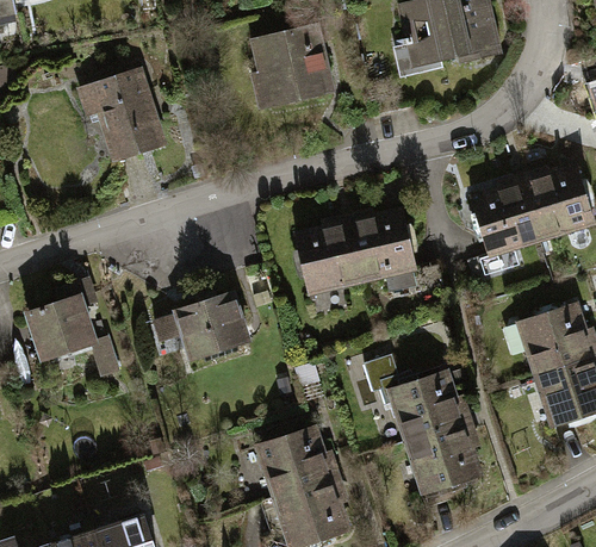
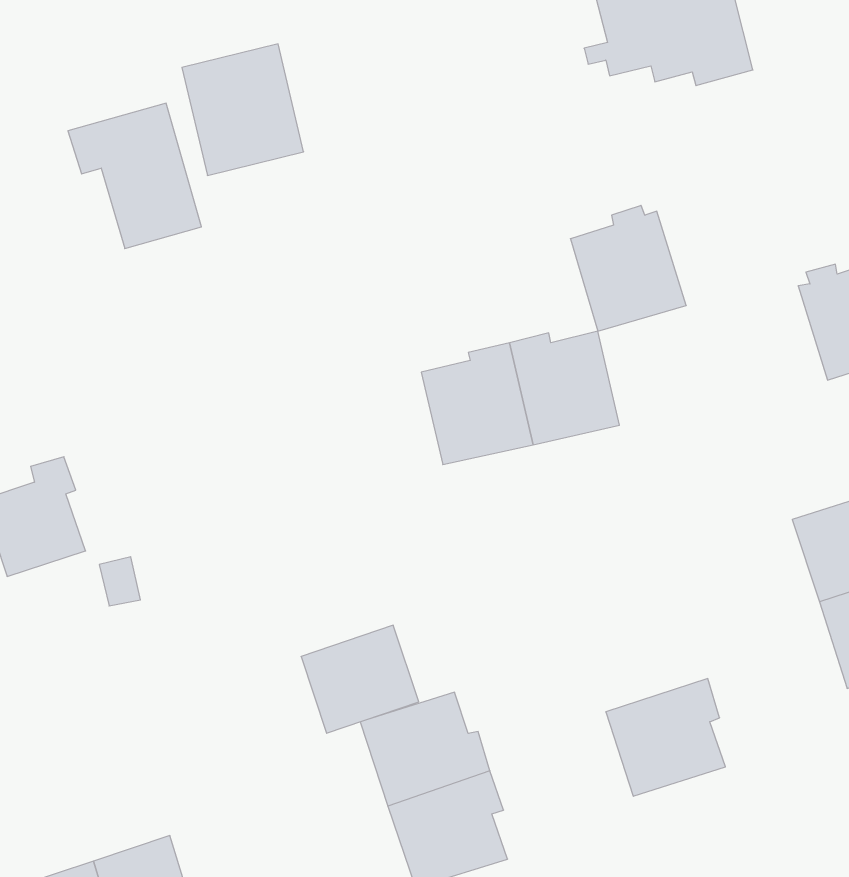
building: [254,25,328,105] -> [182,44,304,175]
building: [470,178,540,254] -> [570,205,686,331]
building: [174,292,246,358] -> [301,625,419,733]
building: [377,353,467,440] -> none

